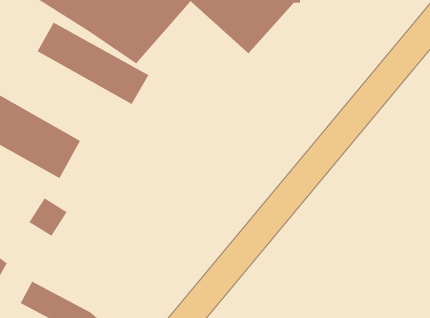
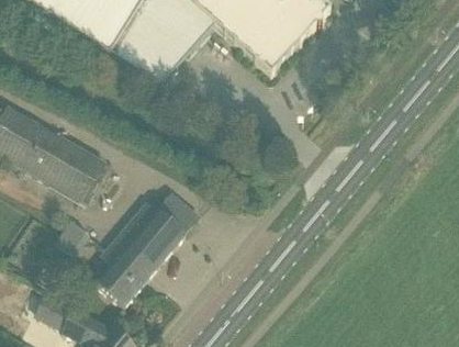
building: [37,22,149,105] -> none
building: none -> [96,191,200,306]

